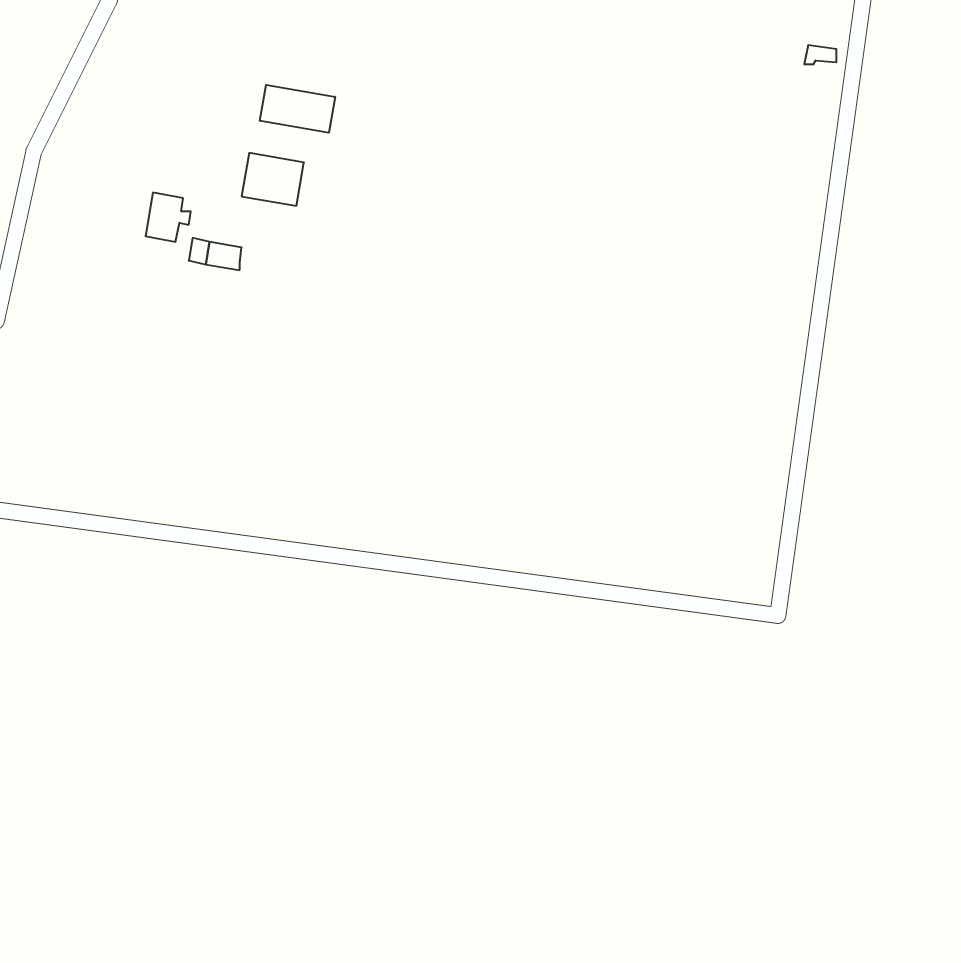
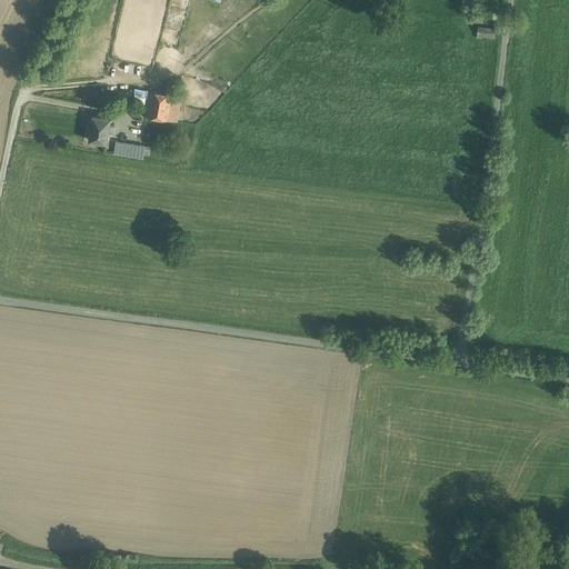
building: [260,85,335,133] -> none

